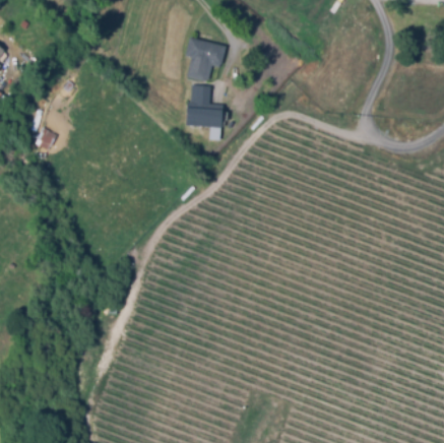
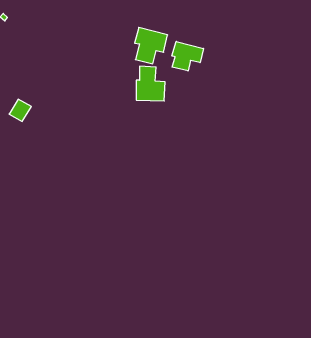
building: none -> [172,41,203,71]

